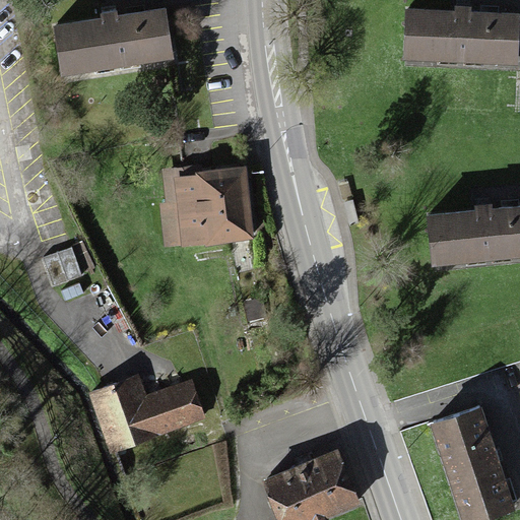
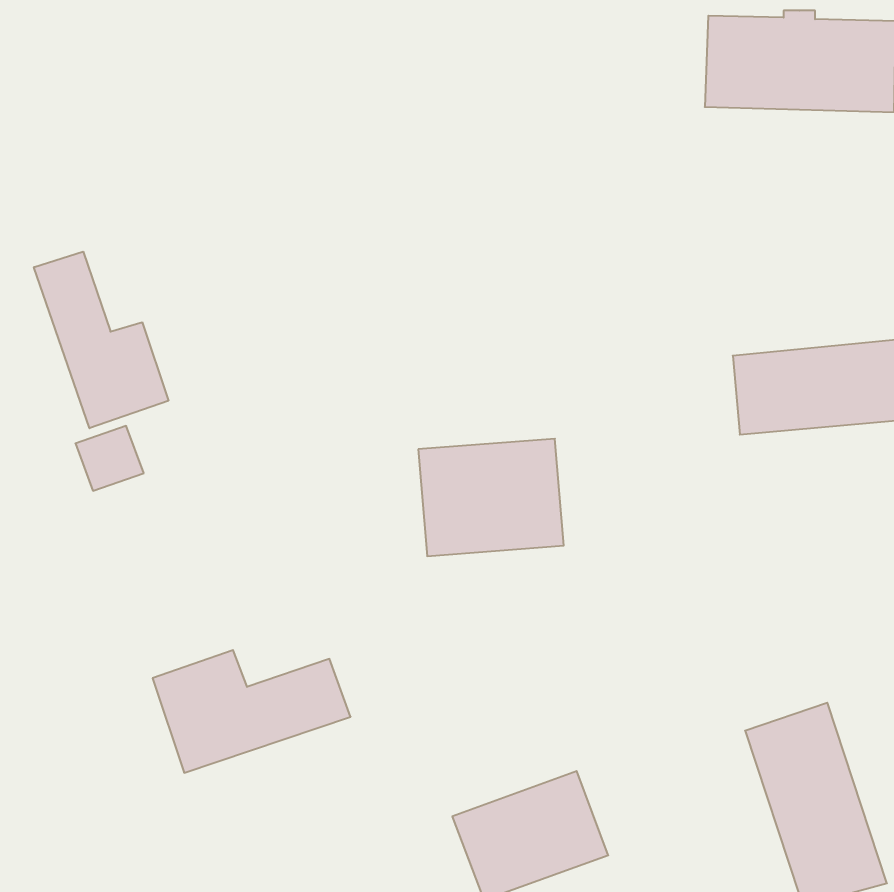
building: [58,13,173,73] -> none
building: none -> [34,252,168,428]
building: [165,169,249,237] -> [418,439,564,556]

